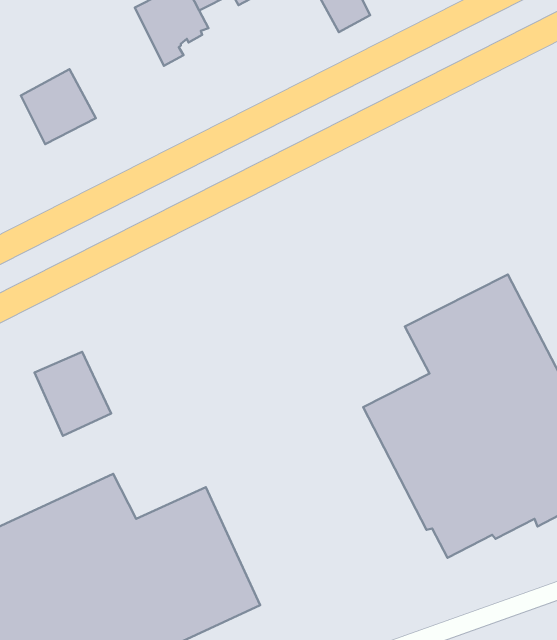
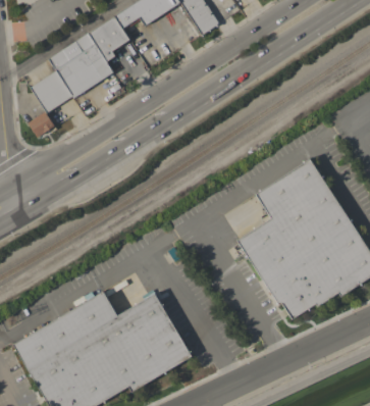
building: none -> [49,33,114,98]
building: none -> [28,111,54,138]
building: [34,352,111,436] -> none

